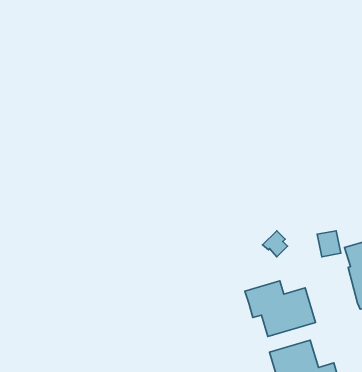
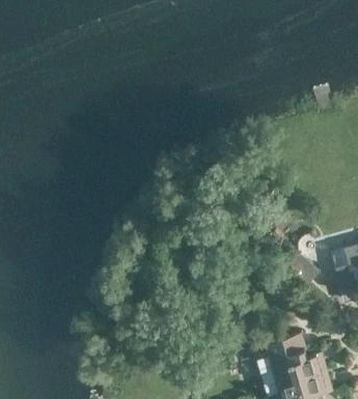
building: [245,281,315,337] -> none

